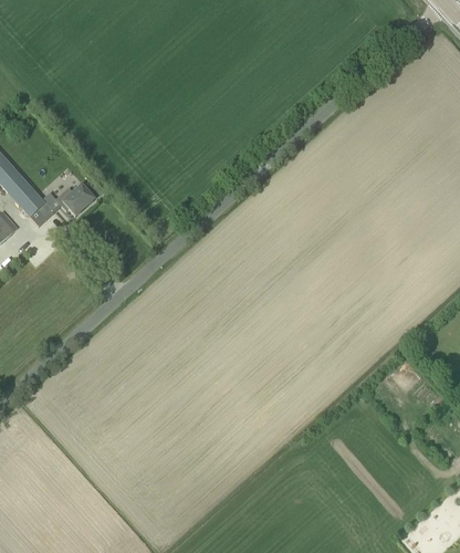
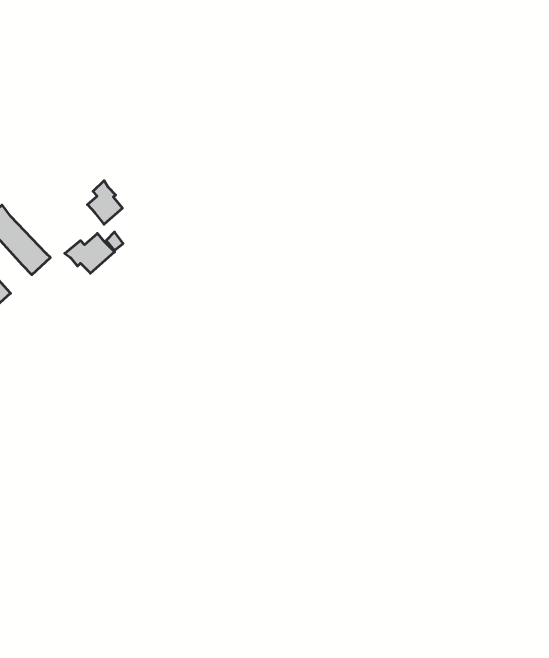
building: none -> [87,181,122,224]

